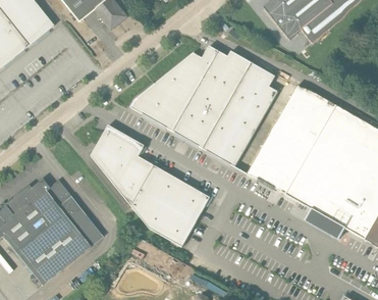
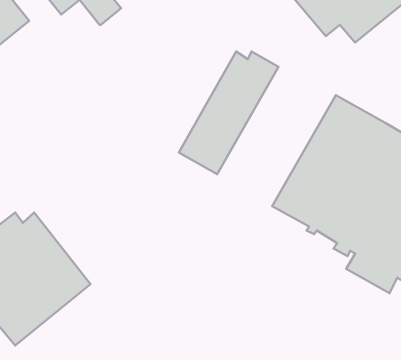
building: [130,45,218,131] -> none
building: [203,62,277,166] -> none
building: [90,126,210,246] -> none

